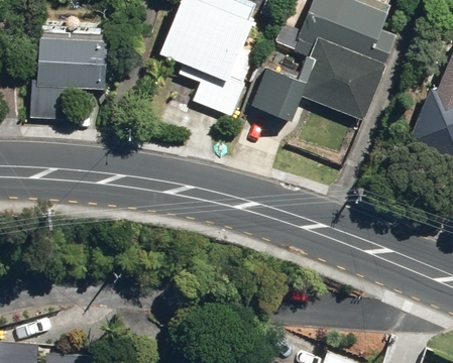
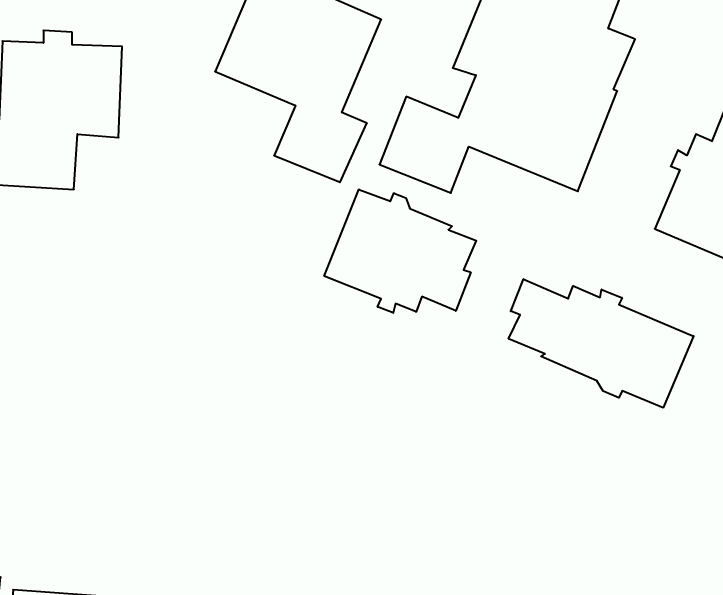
building: none -> [324,189,476,313]
building: none -> [509,279,694,408]

